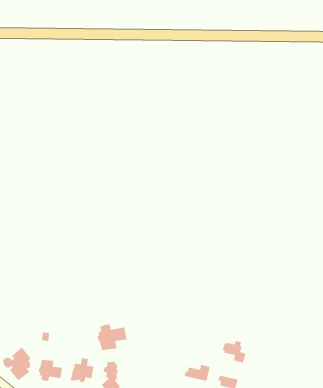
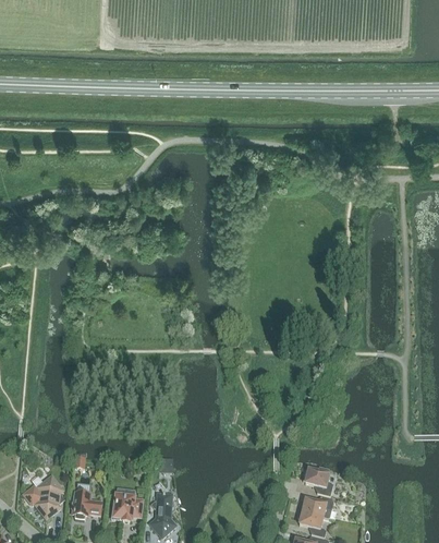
building: [97,324,127,351] -> none
building: [184,364,211,381] -> [300,495,333,517]

